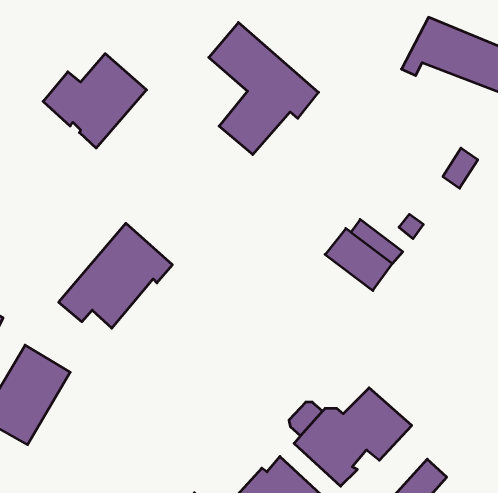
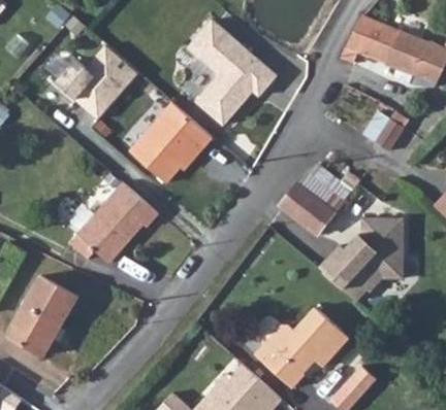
building: none -> [129,103,211,181]
building: none -> [315,216,402,301]

